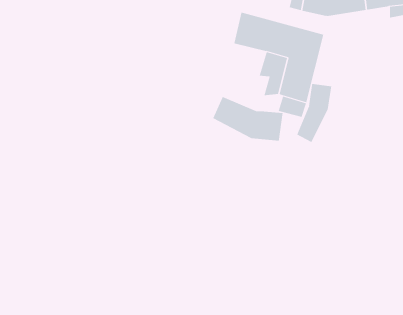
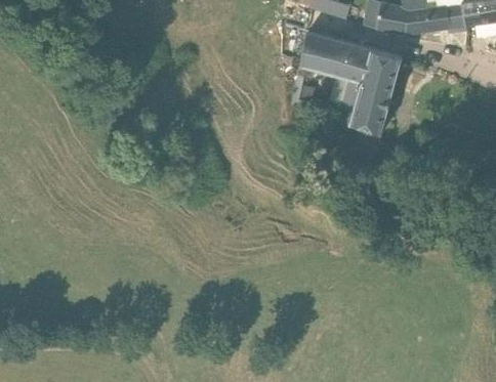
building: [296,83,332,143] -> none
building: [212,96,283,141] -> none

